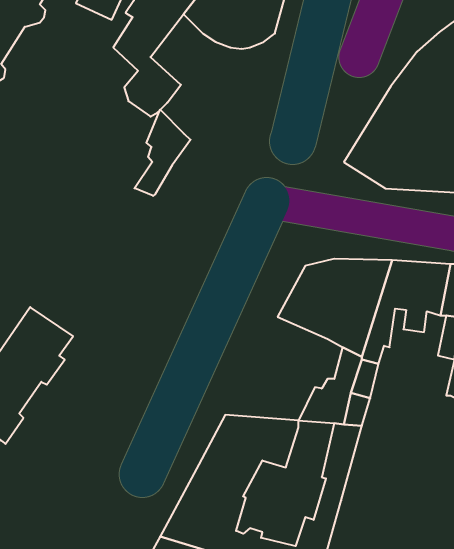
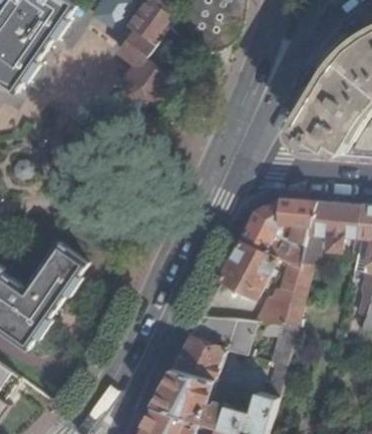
building: [134,110,191,196] -> none
building: none -> [217,247,274,303]

